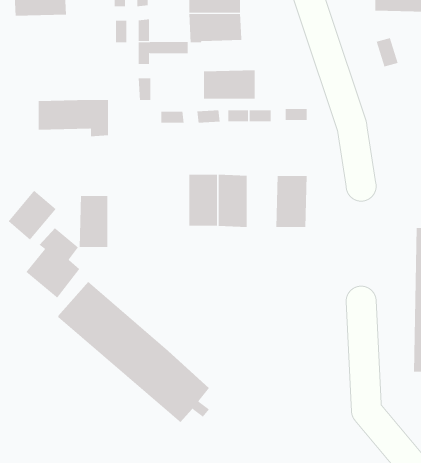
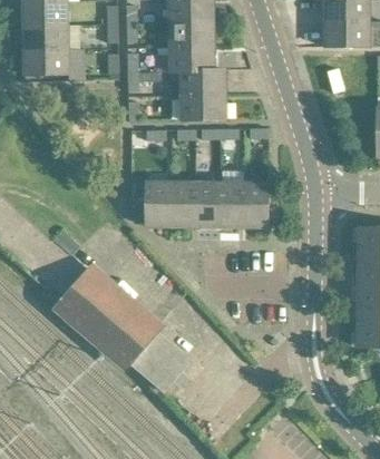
building: none -> [181,69,225,97]
building: [38,99,109,137] -> [25,50,84,81]
building: none -> [218,184,243,227]
building: [8,190,56,241] -> none
building: [79,195,108,248] -> [145,183,169,226]

